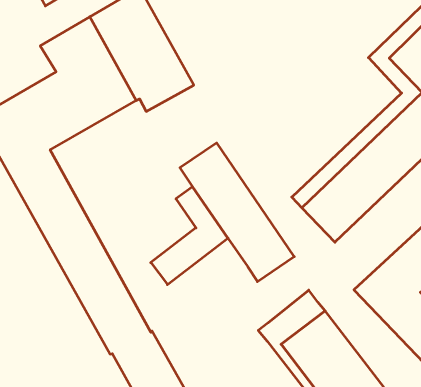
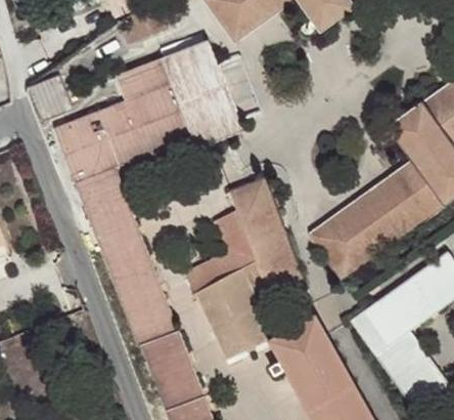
building: none -> [194,261,276,360]

